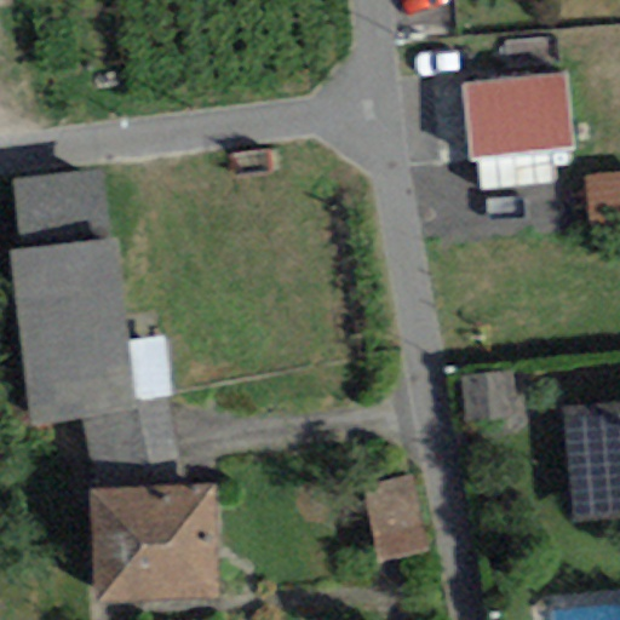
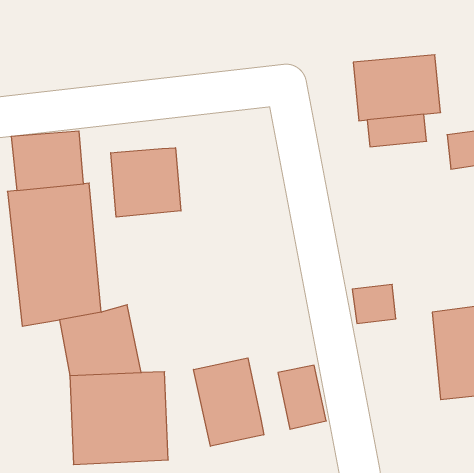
building: none -> [111,148,181,217]
building: none -> [194,358,264,446]

